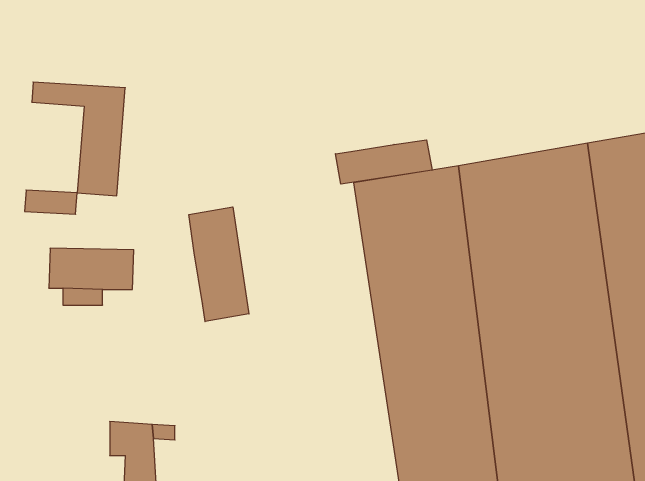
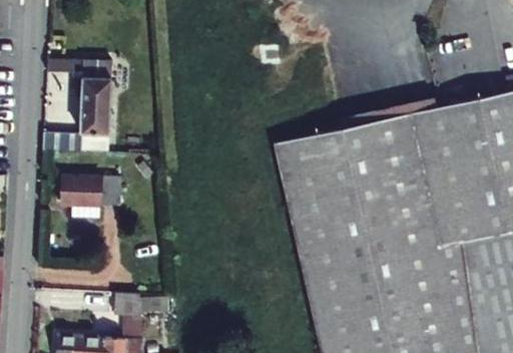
building: [335,140,432,184] -> none
building: [189,207,249,322] -> none

